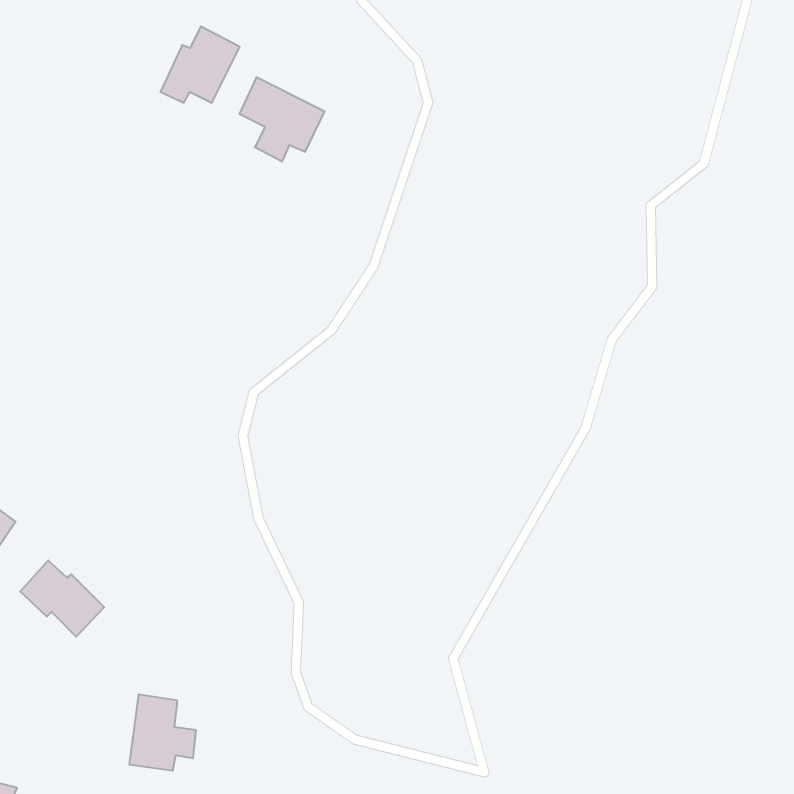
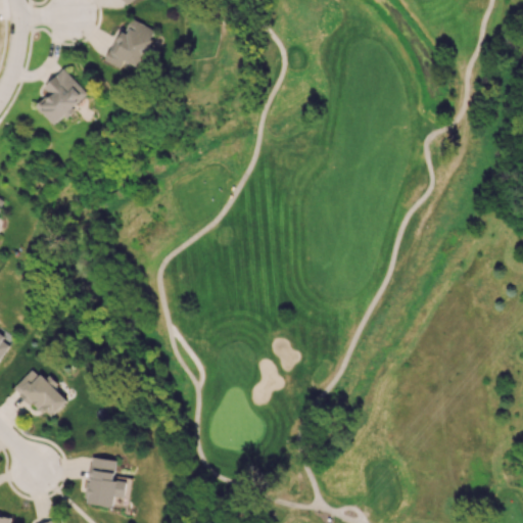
building: [240,77,325,162] -> none
building: none -> [36,68,88,125]

